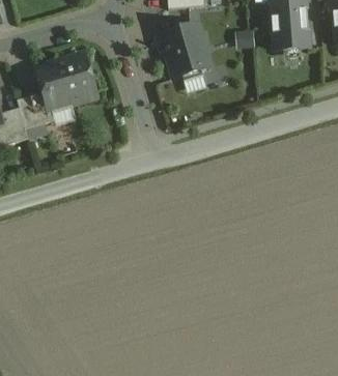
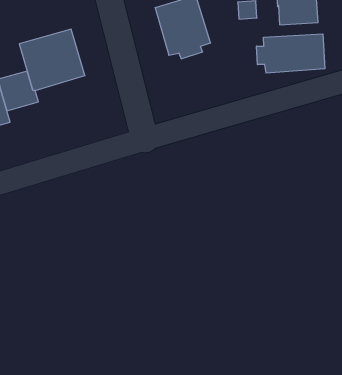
building: none -> [257,34,325,73]

